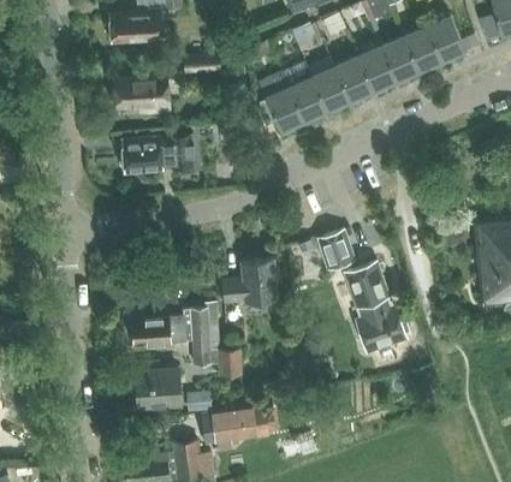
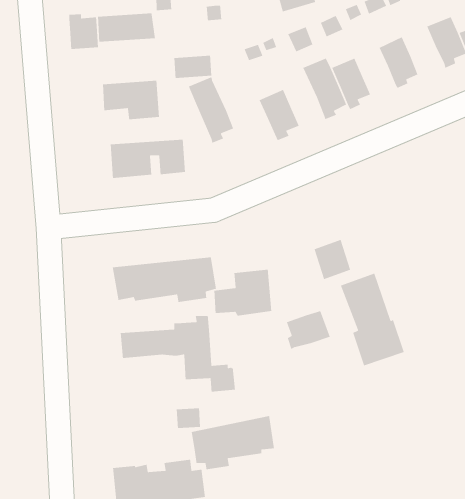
building: none -> [68,13,99,50]
building: [403,25,442,76] -> none
building: [357,46,396,96] -> none
building: [283,61,327,126] -> [188,76,234,144]
building: none -> [112,256,217,303]
building: none -> [286,310,331,350]
building: [135,369,183,406] -> none

